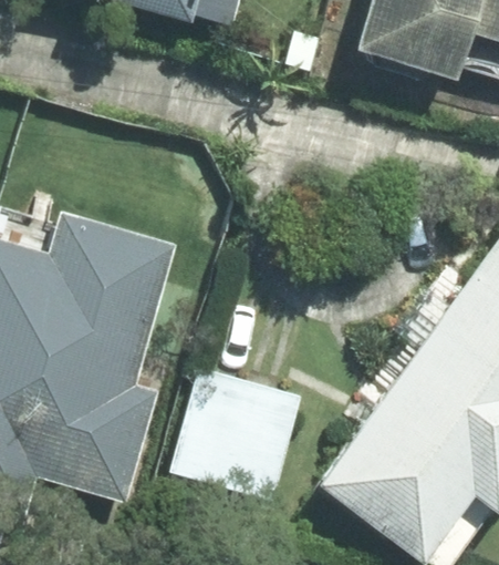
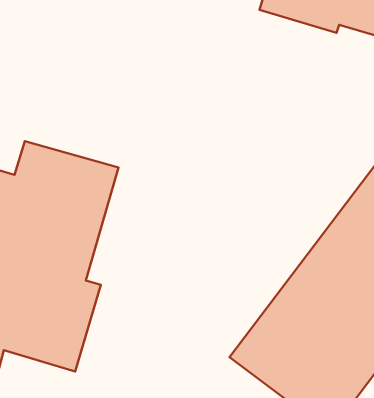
building: [170,371,300,497] -> none

